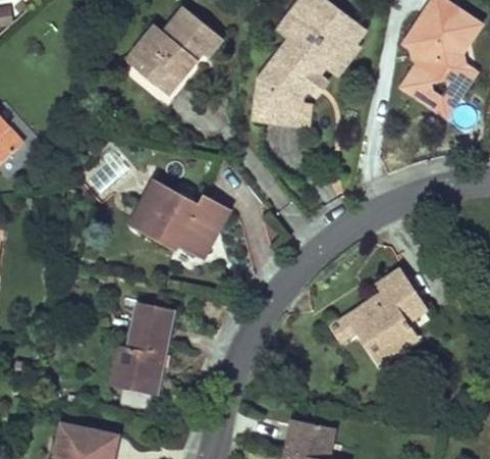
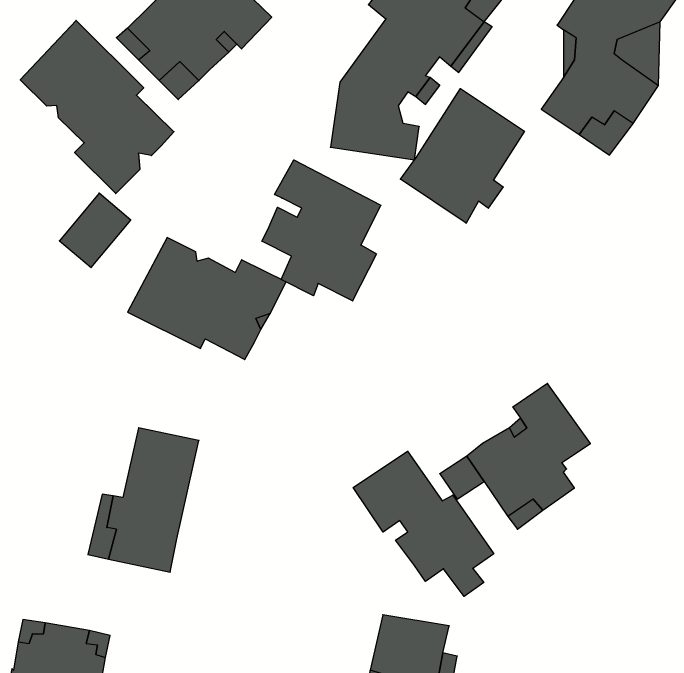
building: none -> [20,20,174,194]
building: none -> [400,89,524,223]
building: none -> [262,160,381,301]
building: none -> [353,451,494,596]

